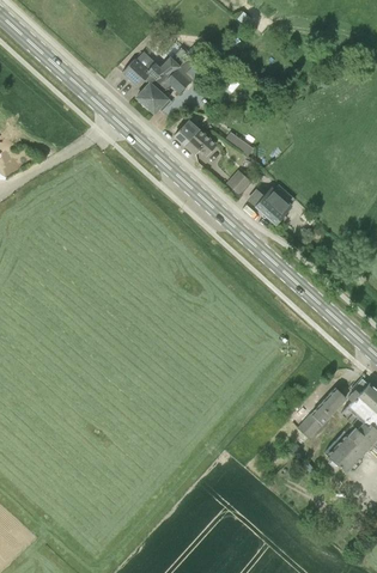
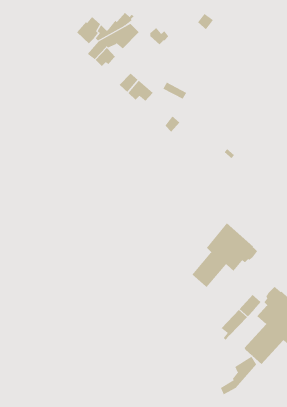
building: [248,188,291,225] -> none
building: none -> [191,223,258,287]
building: none -> [220,356,257,395]

